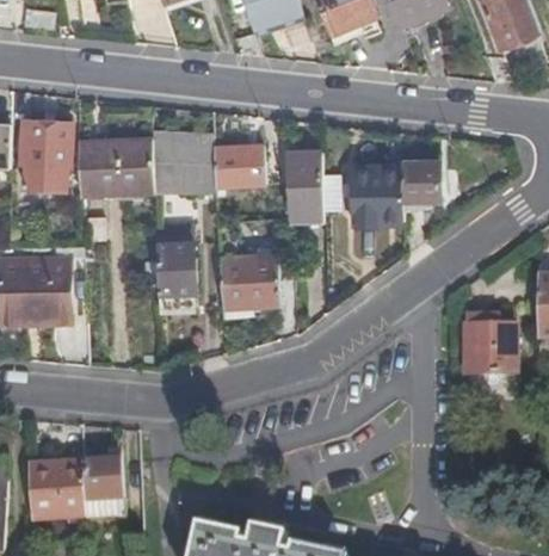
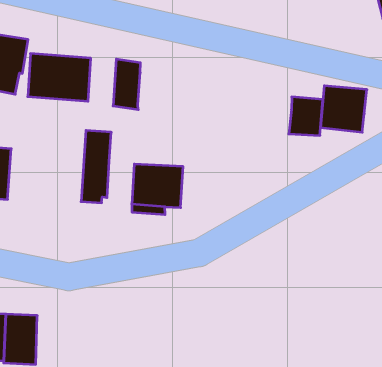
building: [150,132,184,191] -> none
building: [212,146,265,186] -> none
building: [283,149,322,215] -> none
building: [348,172,401,224] -> [321,86,367,132]
building: [464,314,516,372] -> none

